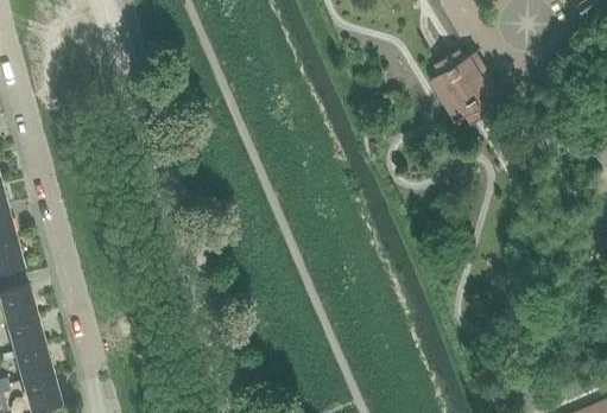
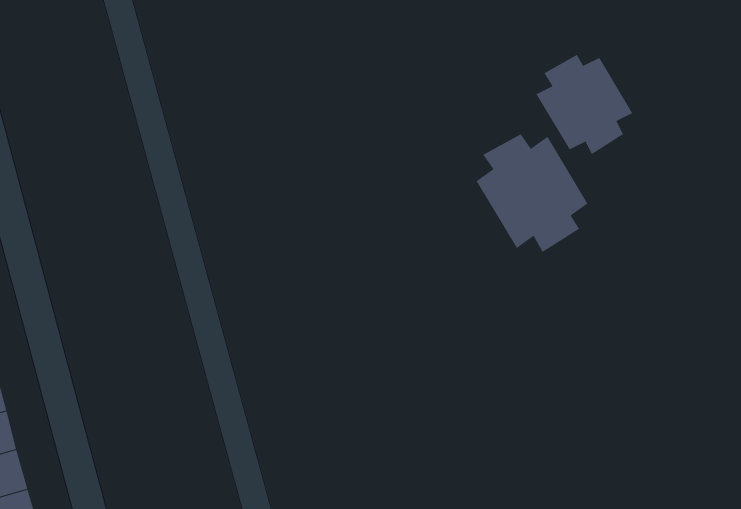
building: none -> [476,134,588,253]

